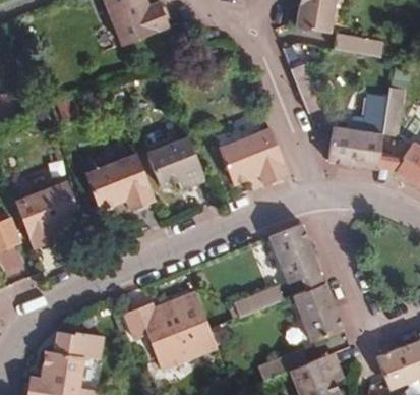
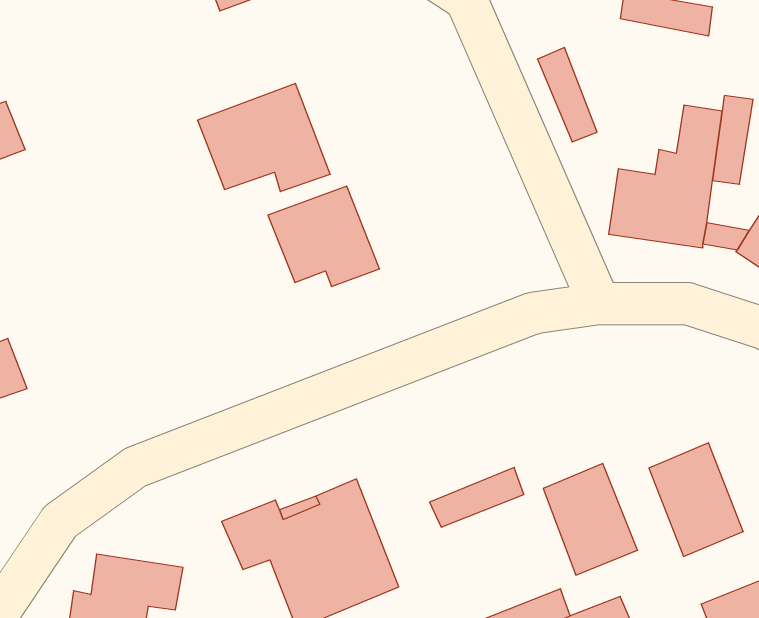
building: [219,127,288,189] -> none
building: [85,153,156,210] -> [197,84,330,192]
building: [15,181,80,248] -> none
building: [269,223,319,283] -> [649,443,743,557]

